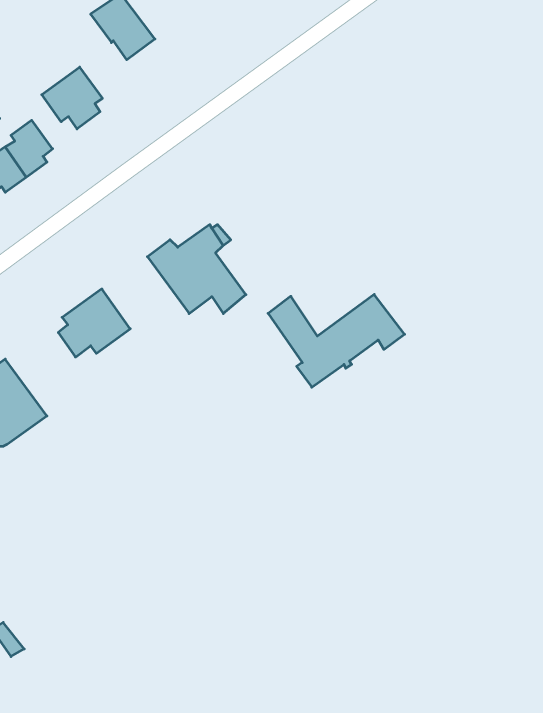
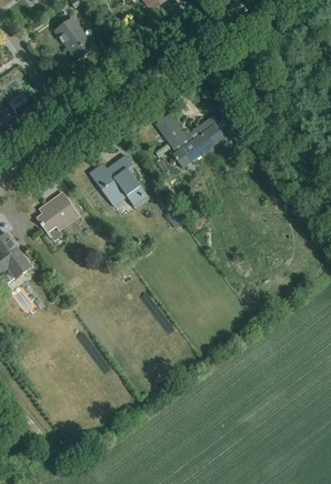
building: [42,67,102,129] -> none
building: [268,294,405,387] -> [157,112,237,167]

